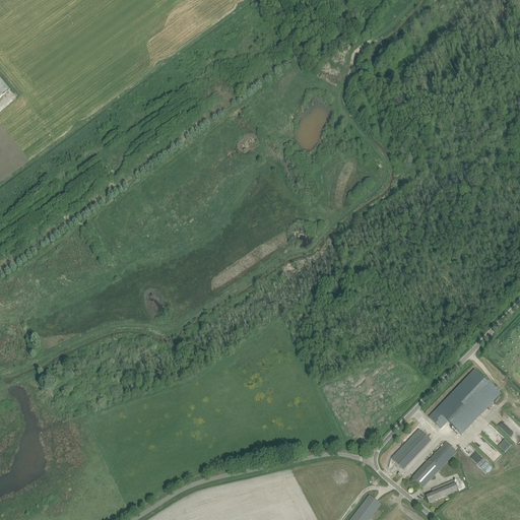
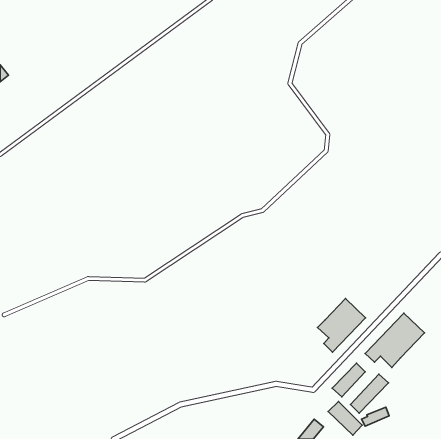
building: none -> [317,298,366,352]
building: none -> [328,401,362,435]

